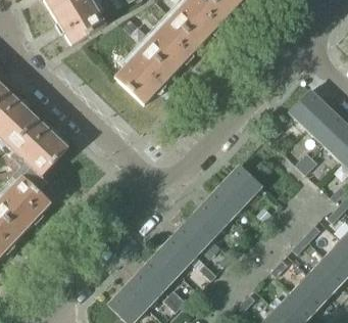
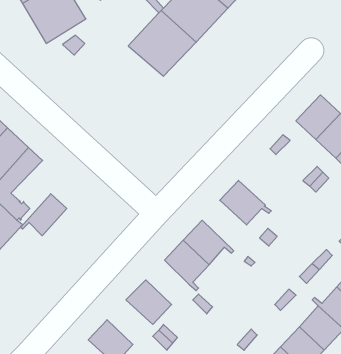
building: [113,47,172,104] -> none
building: none -> [20,194,67,236]
building: [206,182,245,226] -> none
building: [157,234,195,273] -> none
building: [123,269,163,308] -> none

